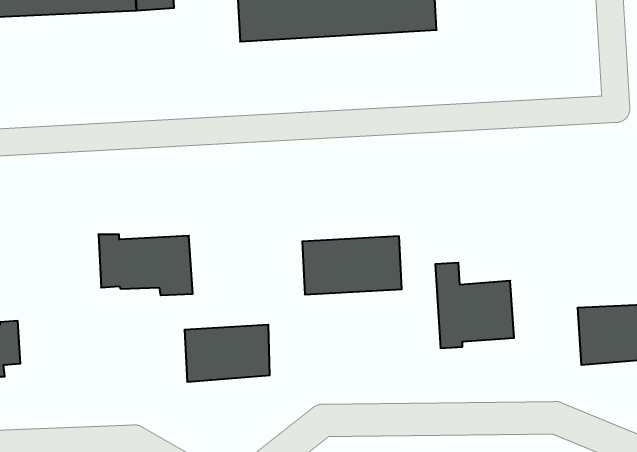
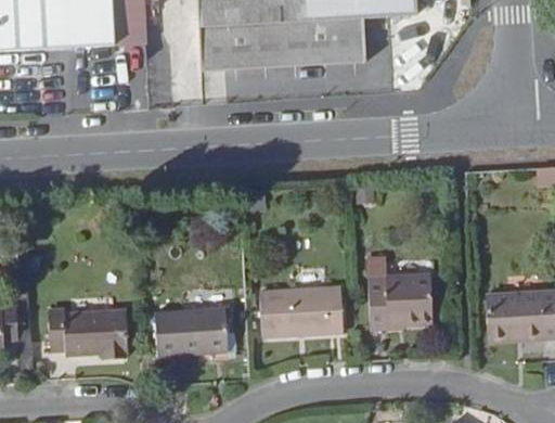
building: [98,234,193,295] -> [49,308,128,359]
building: [302,236,402,294] -> [260,287,344,336]

